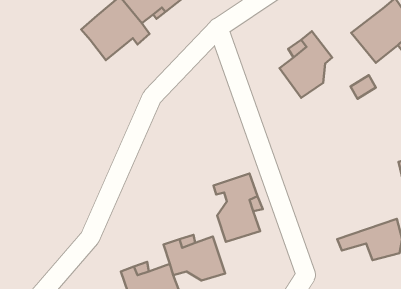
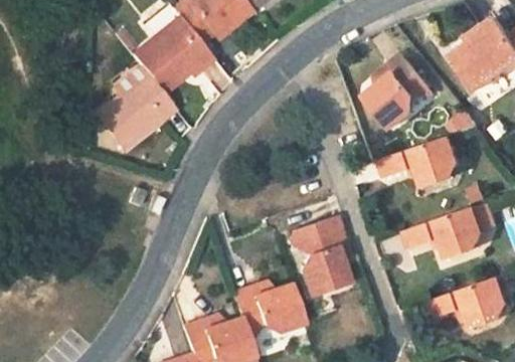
building: none -> [102,66,181,150]
building: none -> [382,133,463,183]
building: none -> [404,201,482,249]

